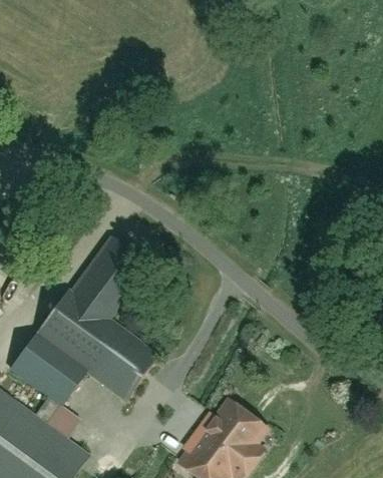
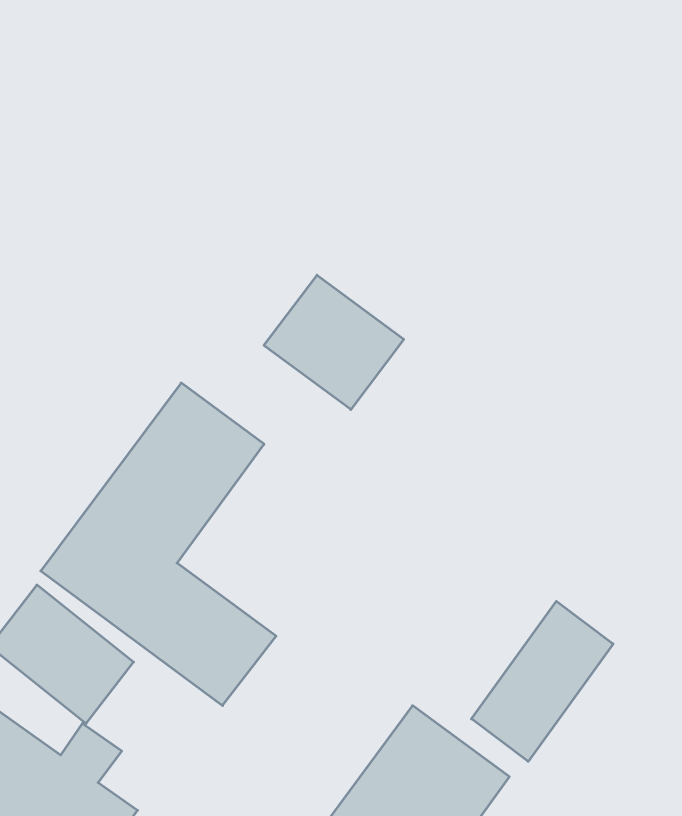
building: none -> [264,275,404,410]
building: none -> [471,601,613,761]

